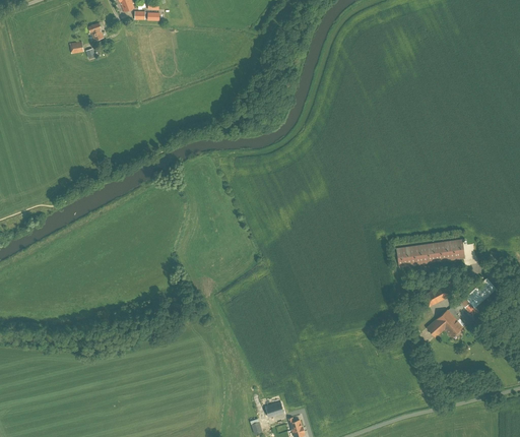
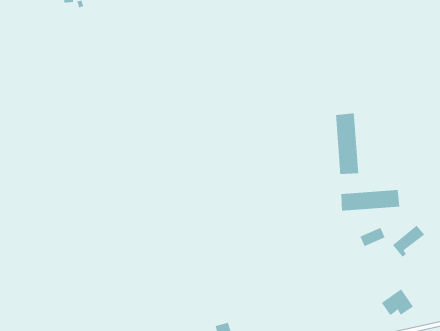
building: none -> [336,112,359,175]
building: [426,307,463,338] -> [381,289,414,316]

